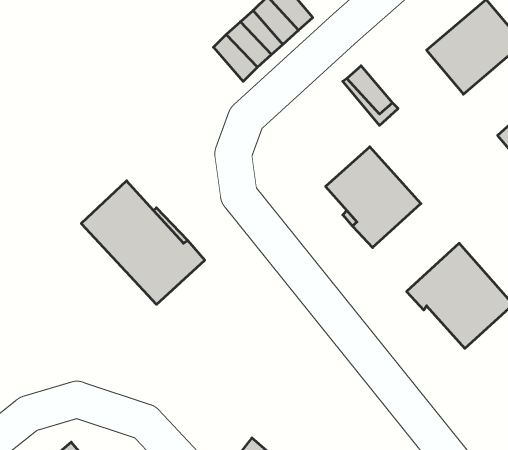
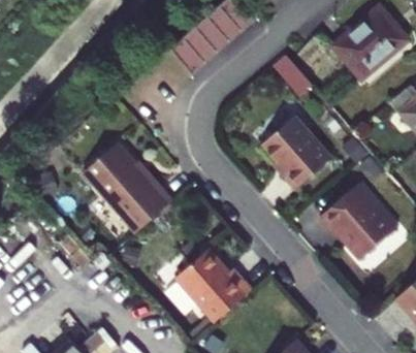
building: none -> [175,248,253,322]

